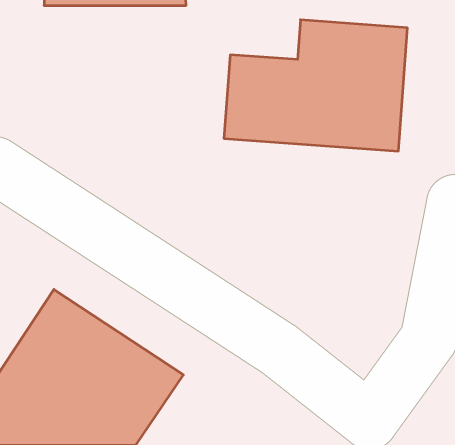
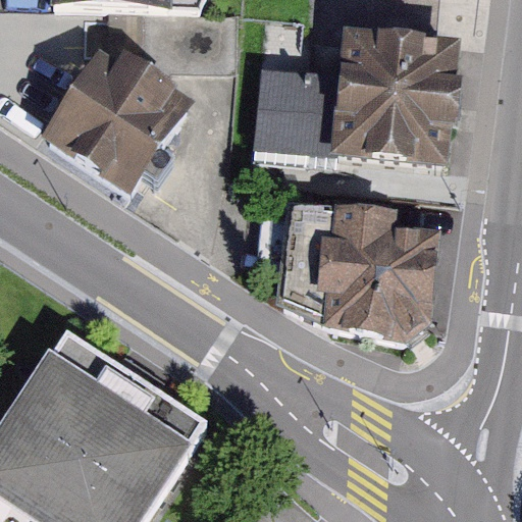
building: none -> [38,43,191,195]
building: none -> [274,204,439,344]

